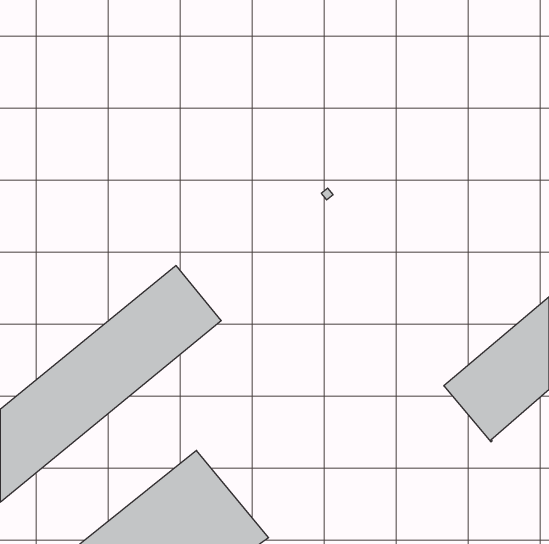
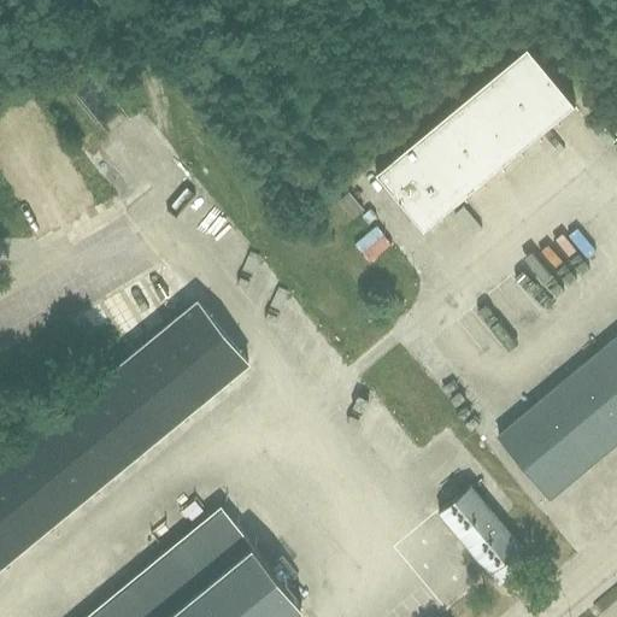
building: none -> [375,49,575,233]
building: none -> [437,488,522,577]

